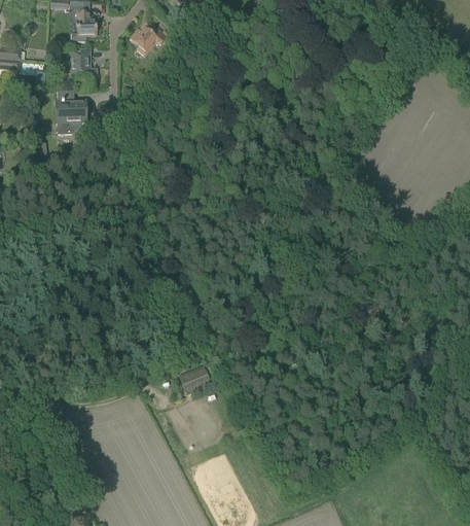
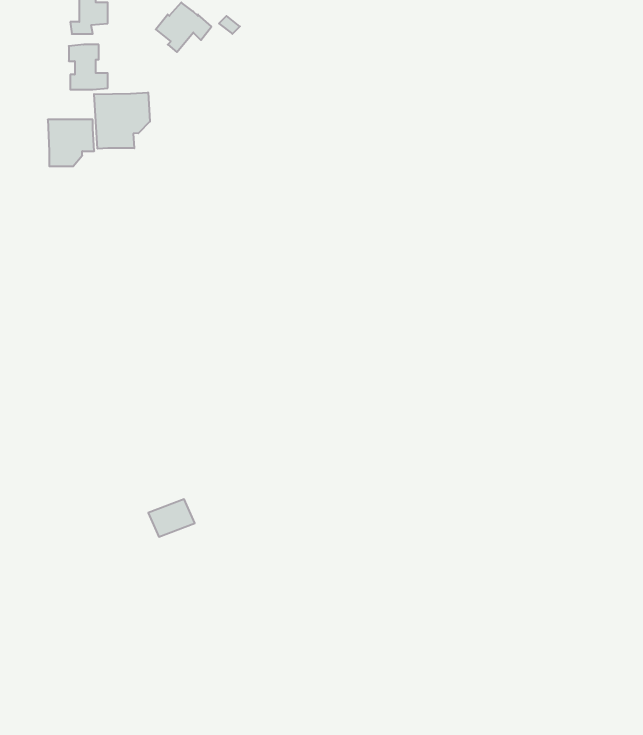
building: none -> [94,92,150,149]
building: [180,364,212,390] -> [148,499,195,537]

